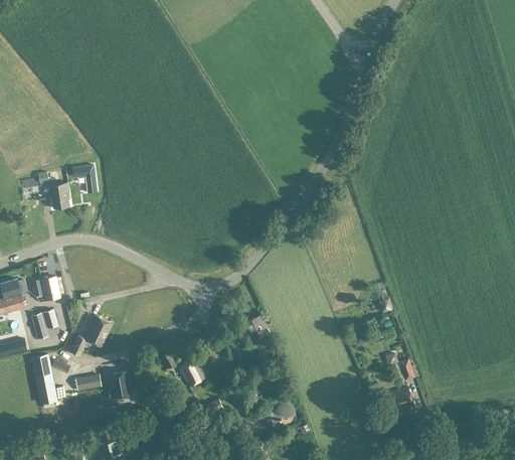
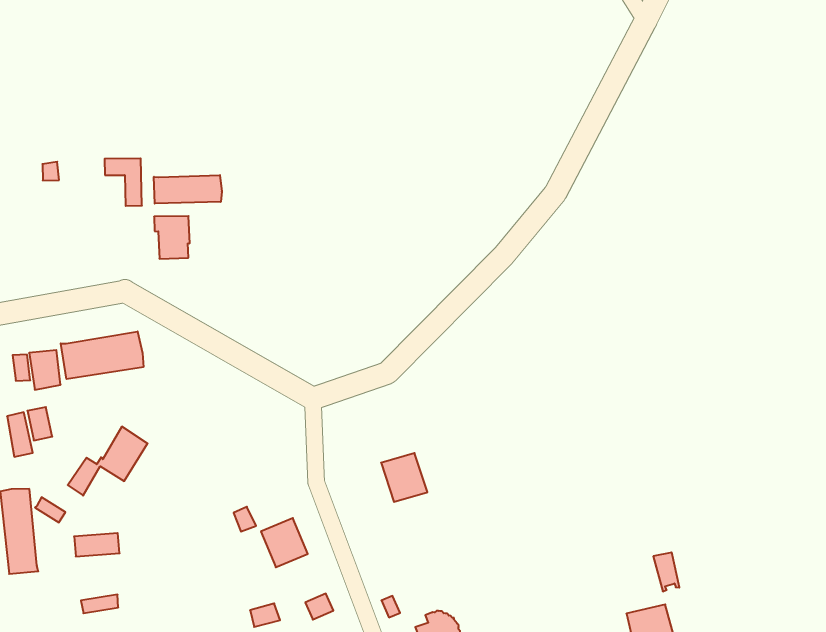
building: none -> [154,175,222,204]
building: [48,183,69,208] -> [154,216,190,259]
building: none -> [61,331,143,379]
building: [103,371,131,408] -> none

